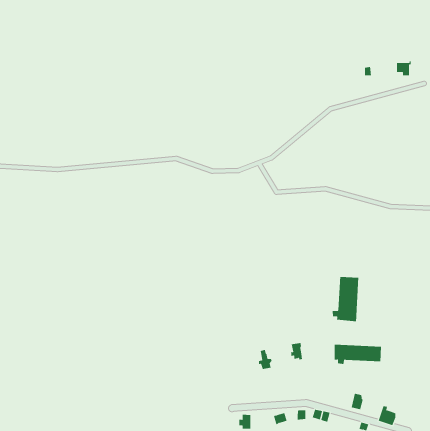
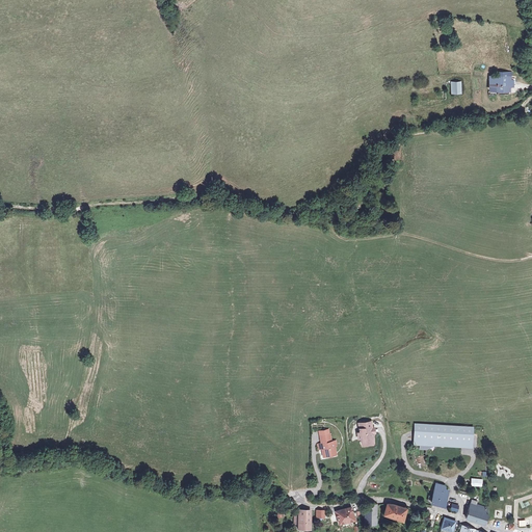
building: [332,276,359,322] -> none

